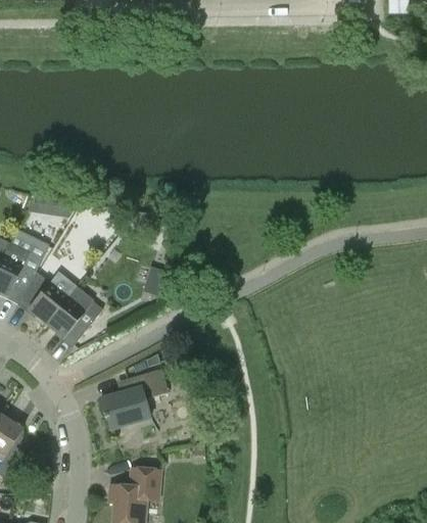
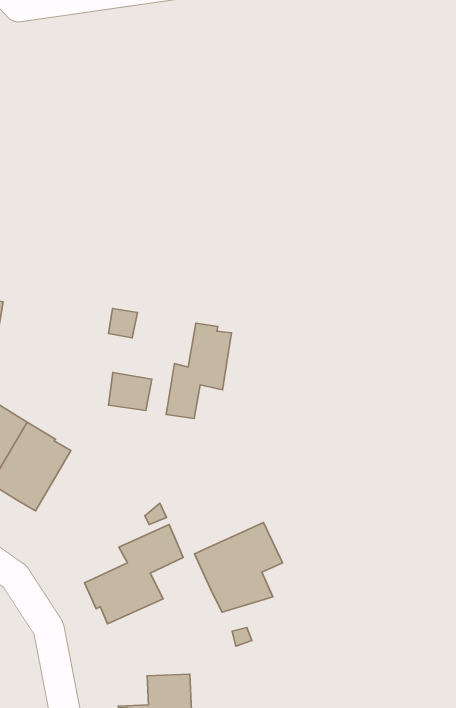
building: none -> [166,323,232,418]
building: none -> [194,523,282,612]

